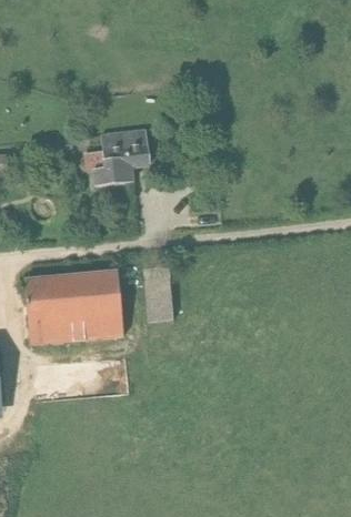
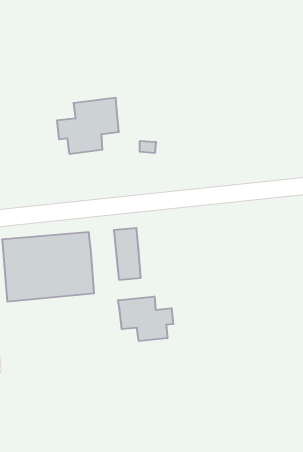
building: none -> [118,296,173,341]

